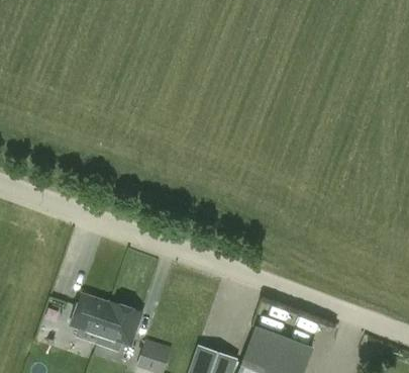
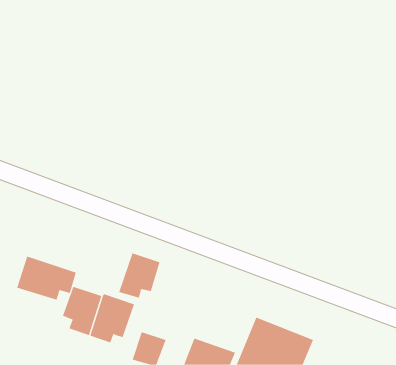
building: none -> [119,252,160,299]
building: none -> [17,256,77,301]

